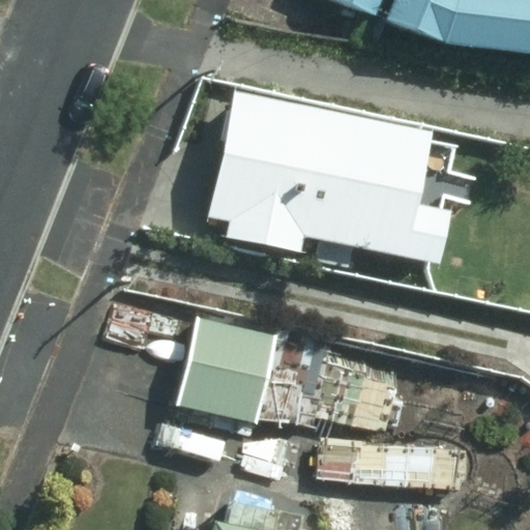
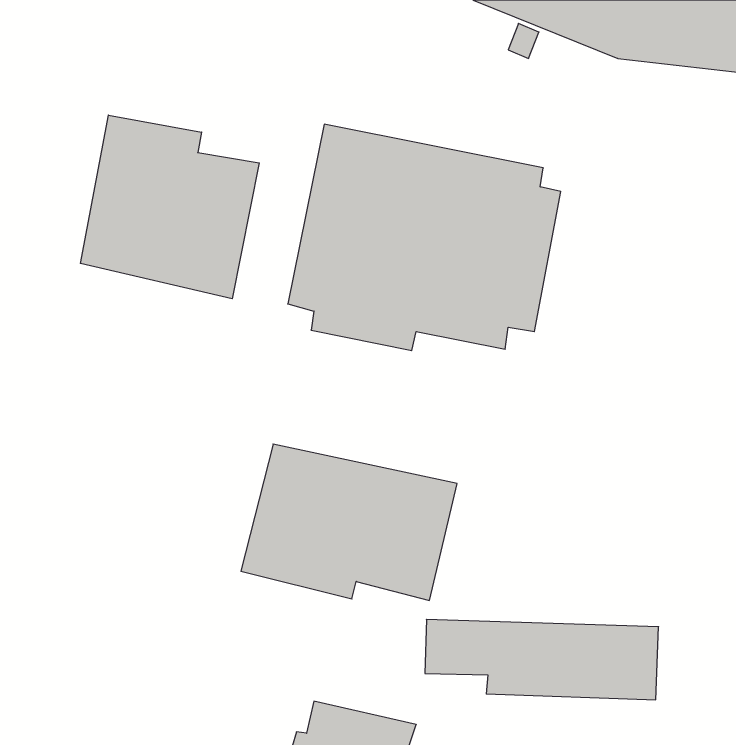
building: none -> [80,115,259,299]

